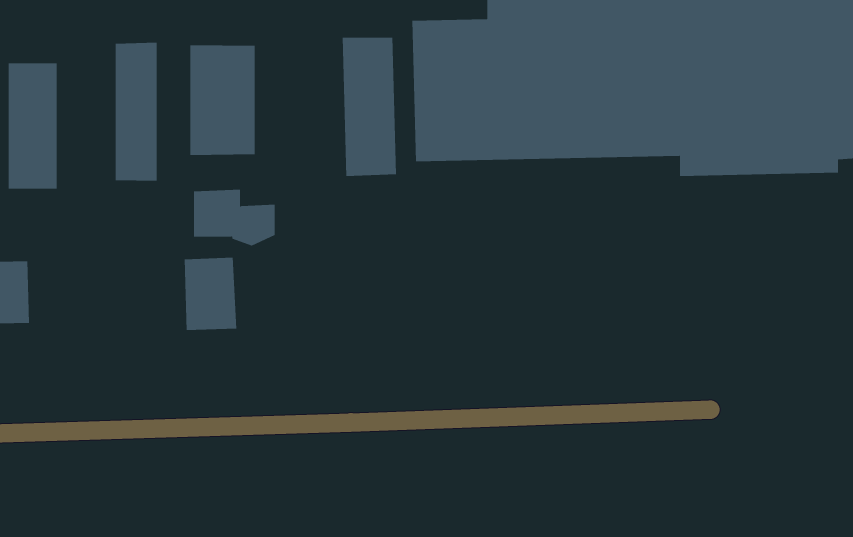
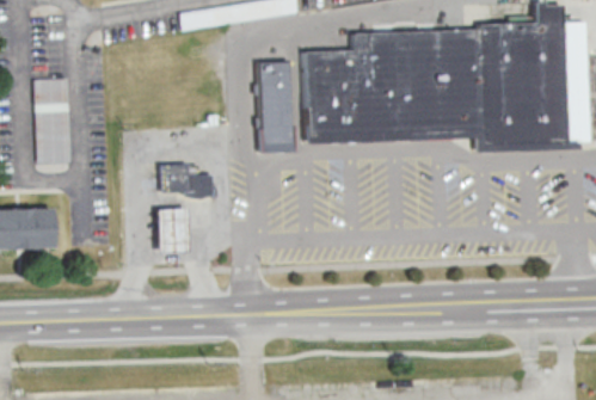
building: [115,42,157,181] -> none
building: [190,45,255,156] -> none

